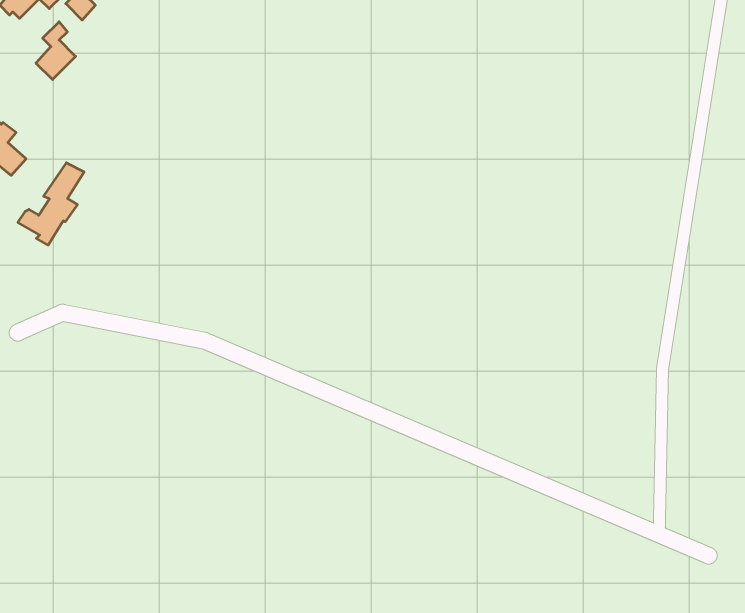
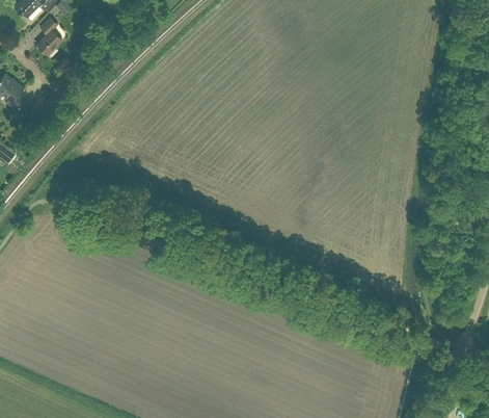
building: [18,163,84,245] -> none

